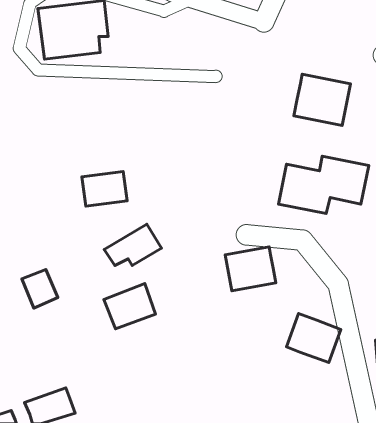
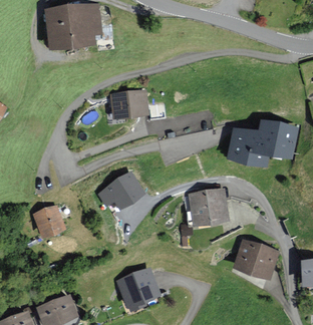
building: [294,74,351,126] -> none
building: [82,172,127,206] -> [112,91,146,117]
building: [104,284,156,329] -> [118,271,158,305]

